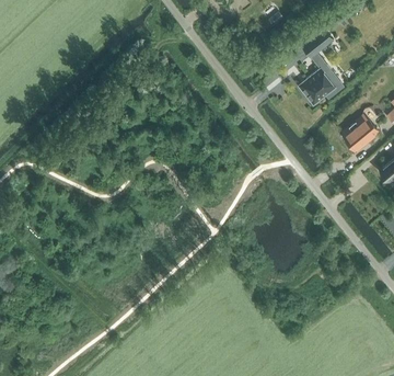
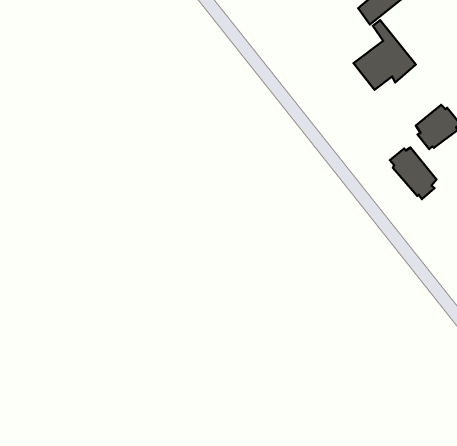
building: none -> [390,148,436,199]

